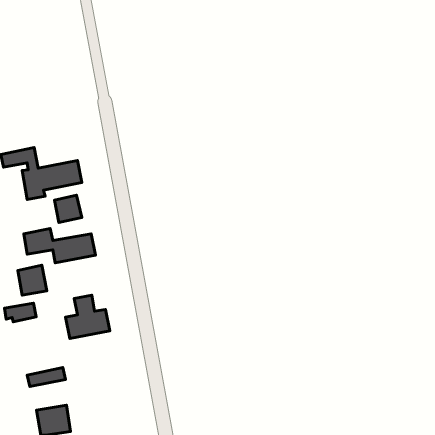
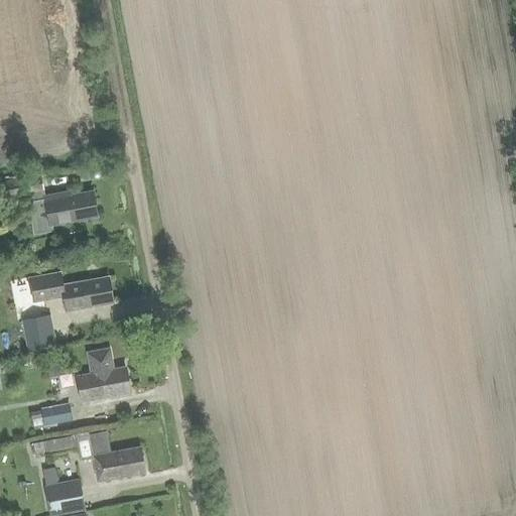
building: [55,195,82,222] -> none
building: [5,303,36,322] -> [33,403,71,425]
building: none -> [93,445,144,481]

